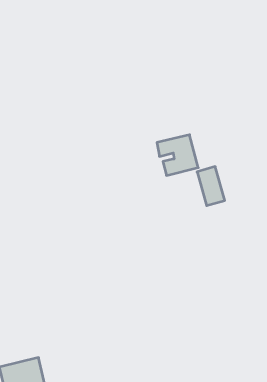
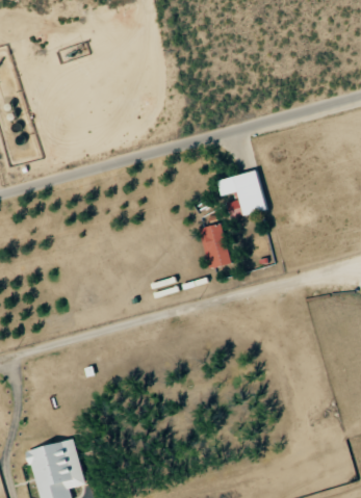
building: [197,167,225,206] -> [198,224,231,270]

